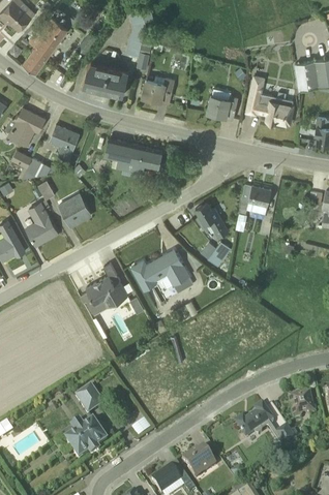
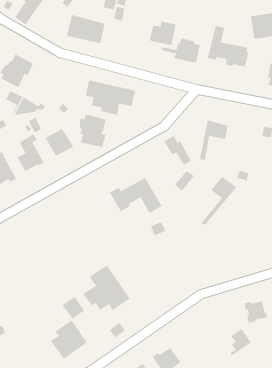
building: [143,74,175,103] -> [149,21,177,46]
building: [50,125,80,161] -> none
building: none -> [79,114,107,148]
building: none -> [200,176,237,226]
building: [87,262,128,307] -> none
building: none -> [82,264,130,311]
building: [236,403,276,438] -> none

